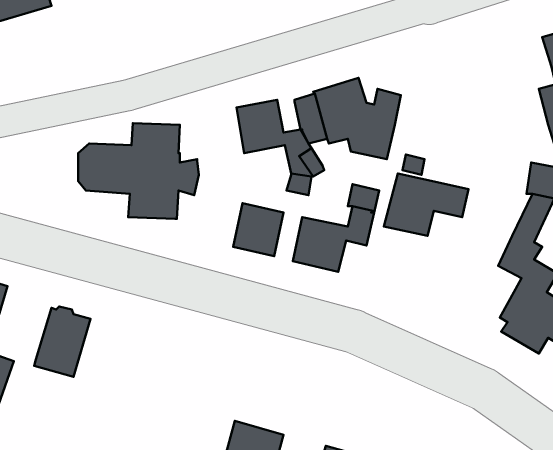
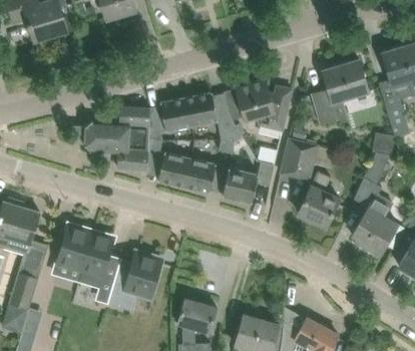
building: none -> [312,60,369,124]
building: none -> [160,98,191,132]
building: none -> [158,153,190,188]
building: none -> [298,172,339,228]
building: none -> [79,234,114,288]
building: none -> [107,254,162,308]

